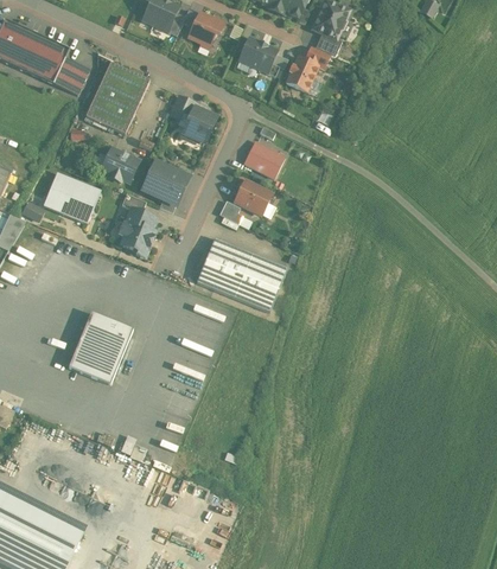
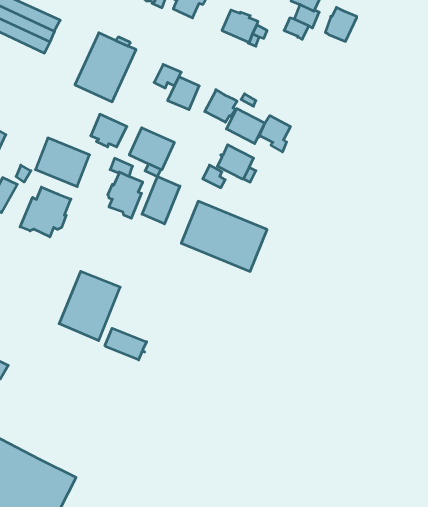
building: [285,56,318,91] -> [325,7,357,41]
building: [52,57,88,95] -> none
building: none -> [205,90,237,122]
building: none -> [259,116,290,152]
building: none -> [142,176,180,224]
building: none -> [20,187,71,237]
building: none -> [105,328,147,360]

